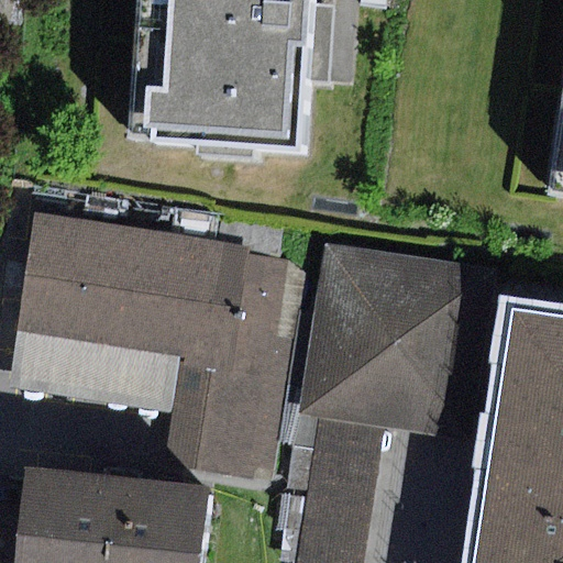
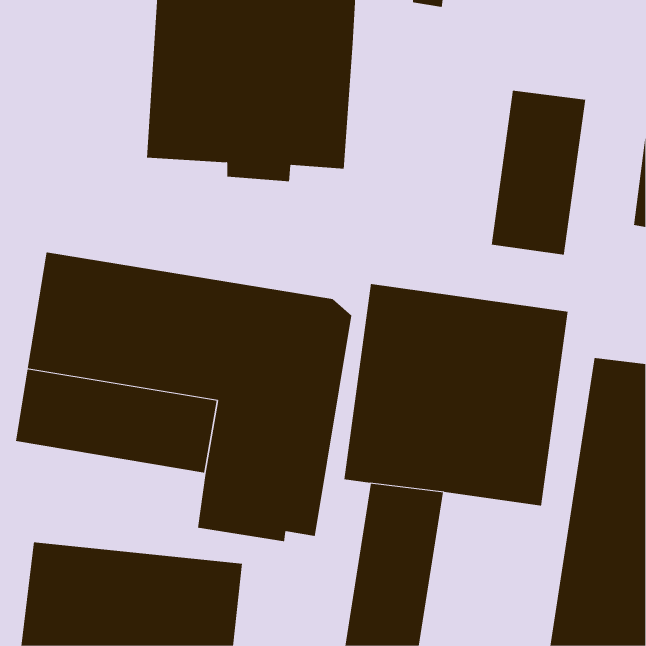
building: none -> [491,90,586,256]

